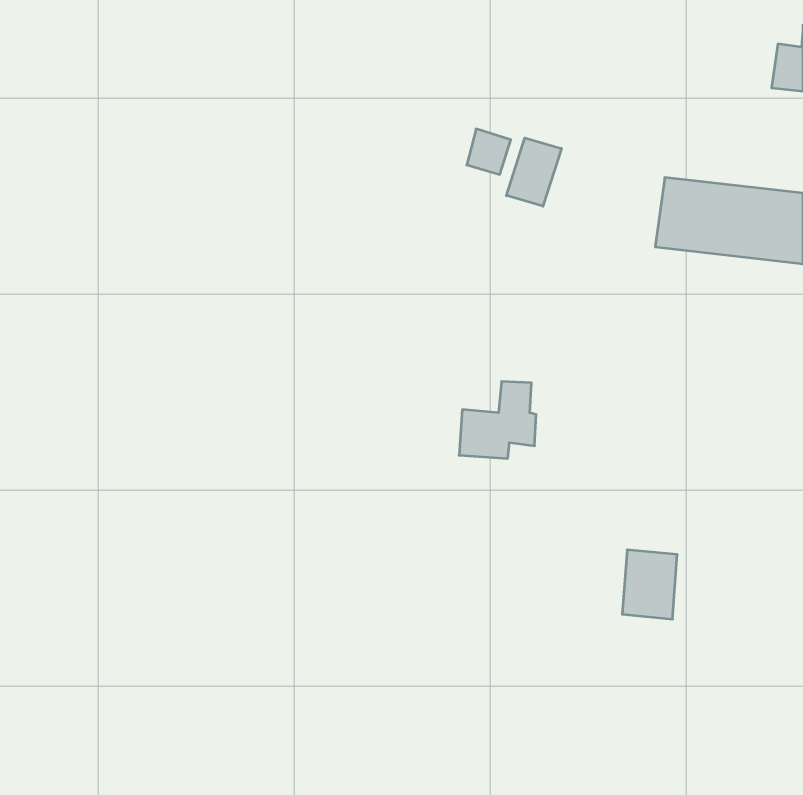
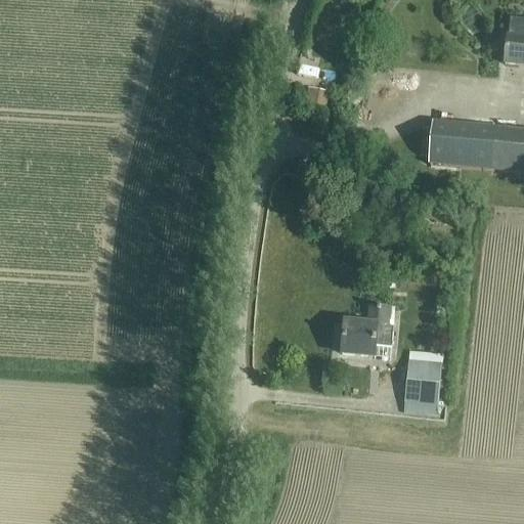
building: [506,138,561,206] -> none
building: [459,381,536,458] -> [342,303,392,353]

